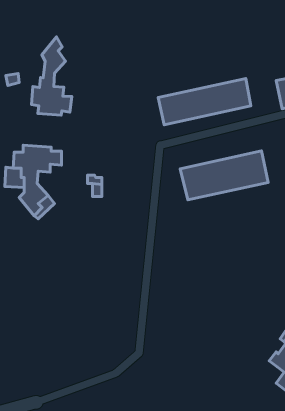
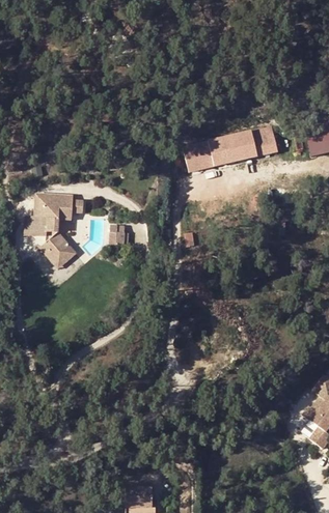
building: [31,37,72,115] -> none
building: [180,151,268,200] -> none

